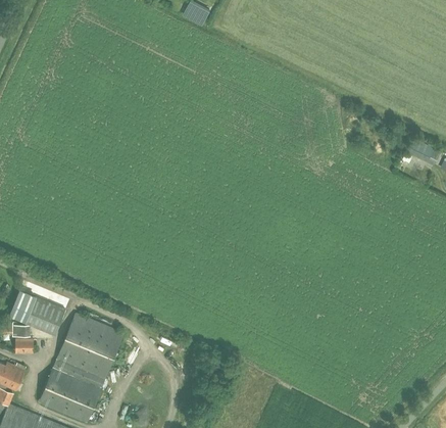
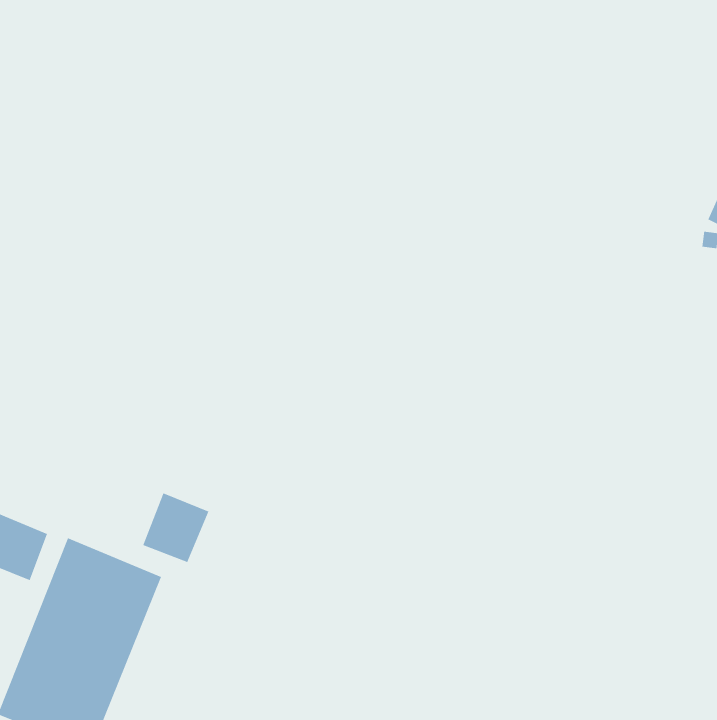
building: none -> [142,493,209,563]

